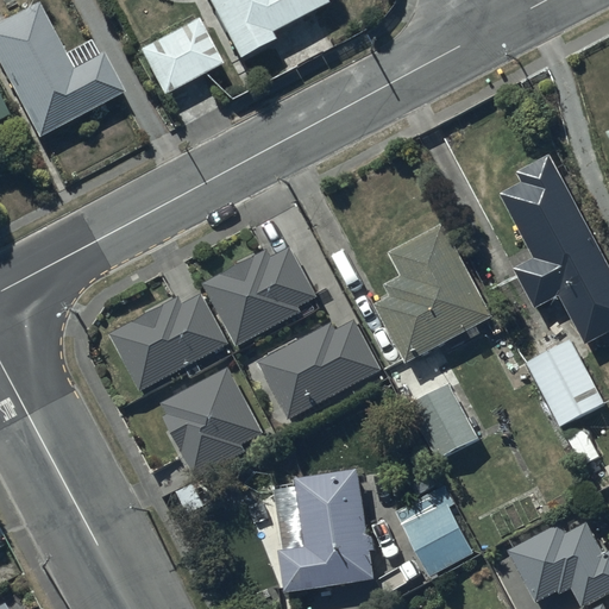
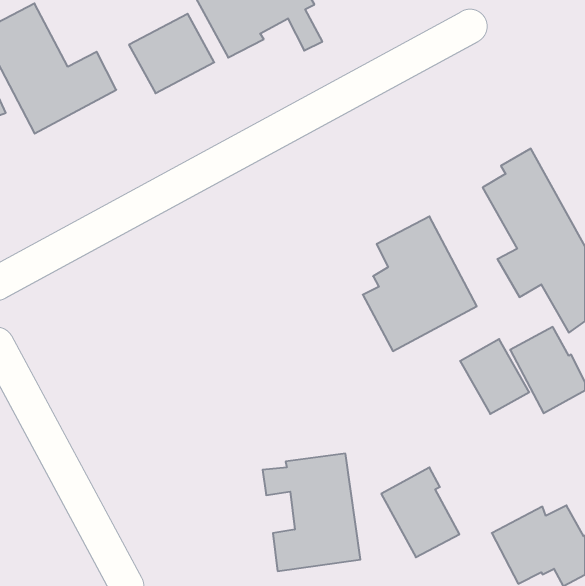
building: [205,247,315,345] -> none
building: [108,293,228,391] -> none
building: [257,320,381,420] -> none
building: [161,366,263,478] -> none
building: [407,383,478,460] -> [460,339,529,414]

